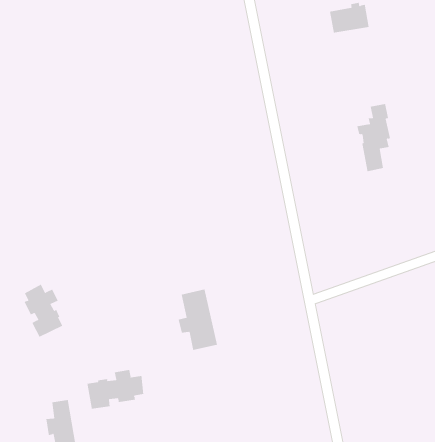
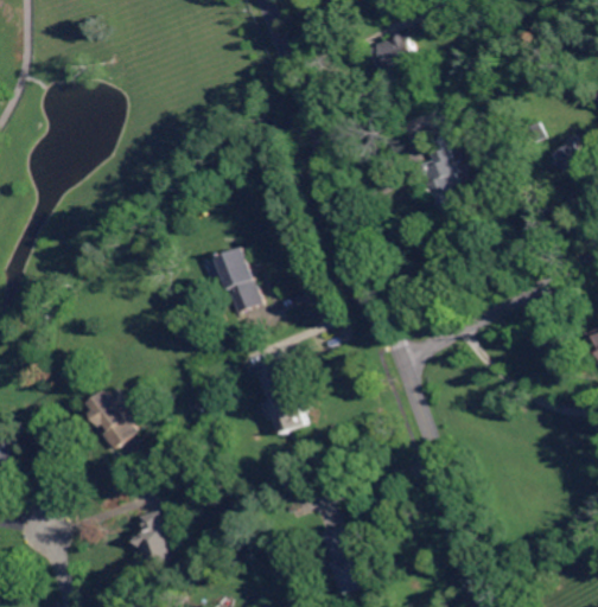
building: none -> [210,249,261,313]
building: [87,369,144,409] -> none

